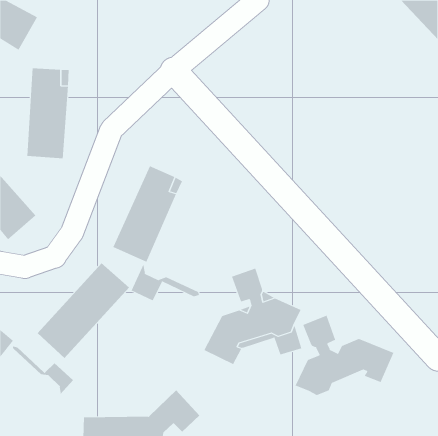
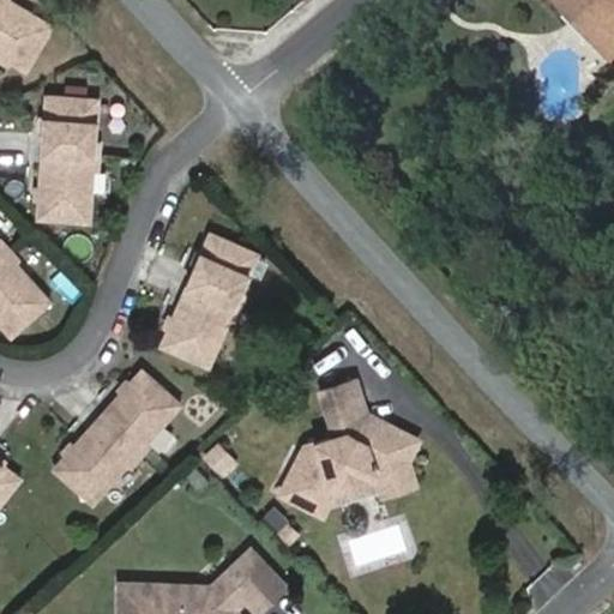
building: [131,263,200,301] -> none
building: [295,315,394,396] -> none
building: [12,345,74,395] -> none

